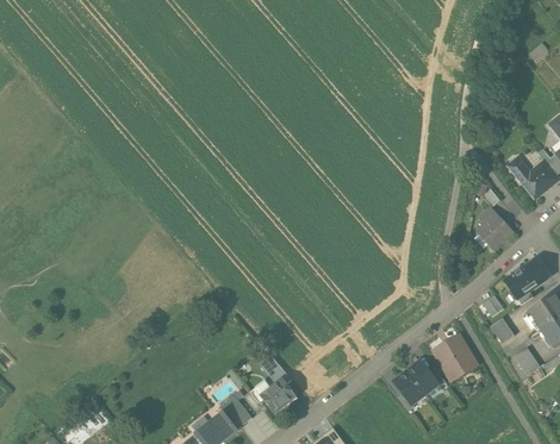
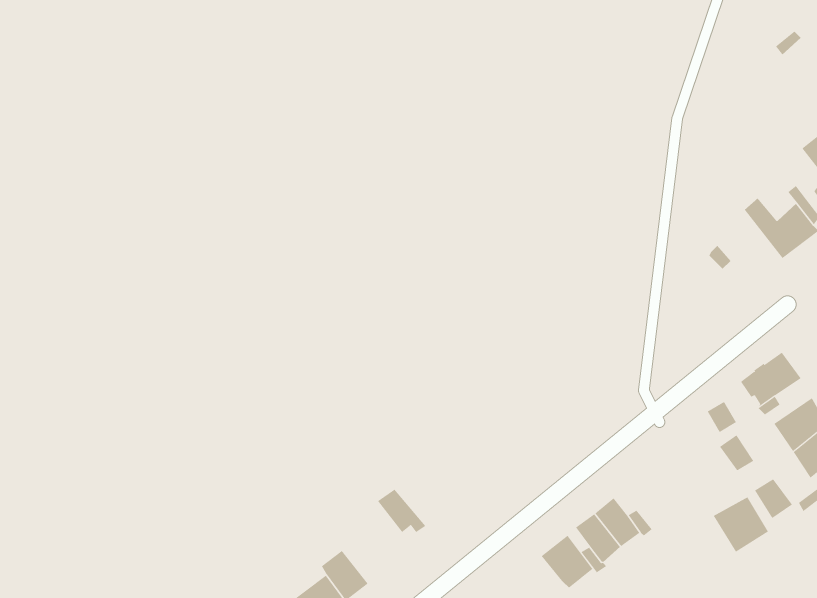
building: [477,207,512,249] -> none
building: [436,339,474,377] -> [713,496,769,553]
building: [263,380,293,413] -> none
building: none -> [541,535,593,589]

